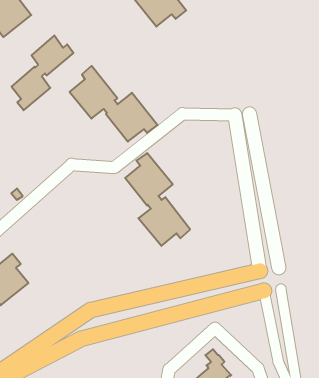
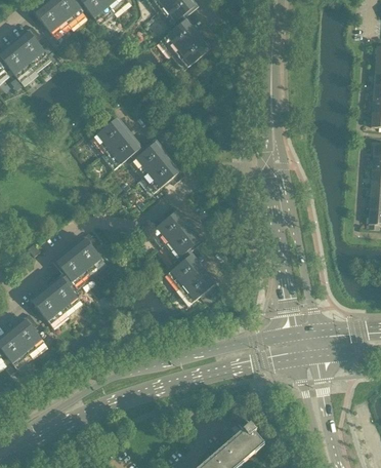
building: [12,35,73,110] -> none
building: none -> [26,230,107,324]

